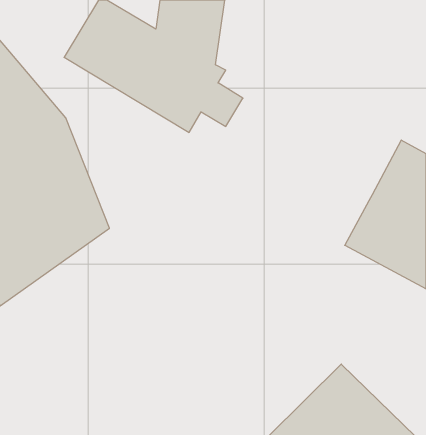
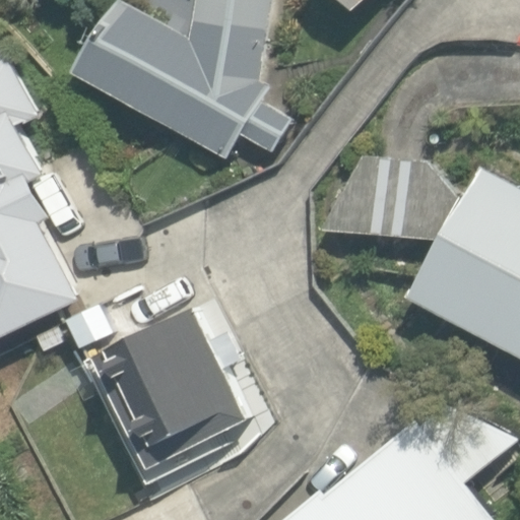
building: none -> [320,153,456,240]
building: none -> [85,306,242,491]

